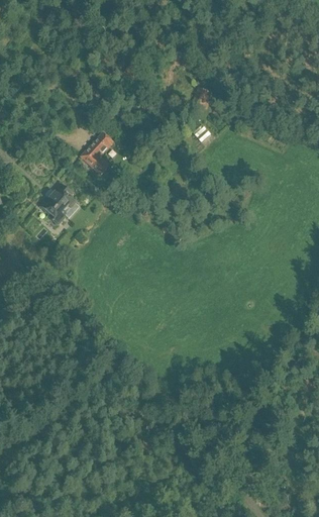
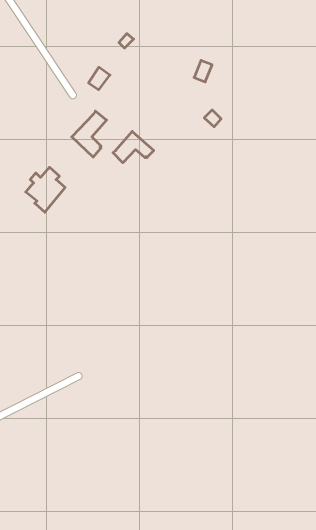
building: none -> [113,131,154,163]

